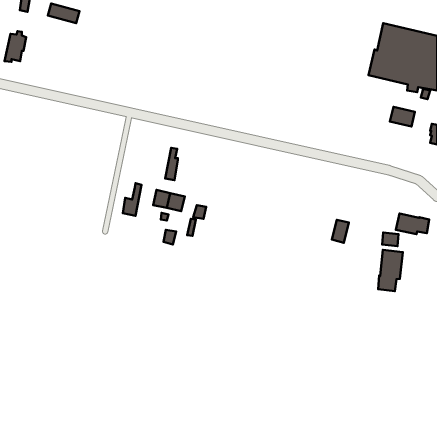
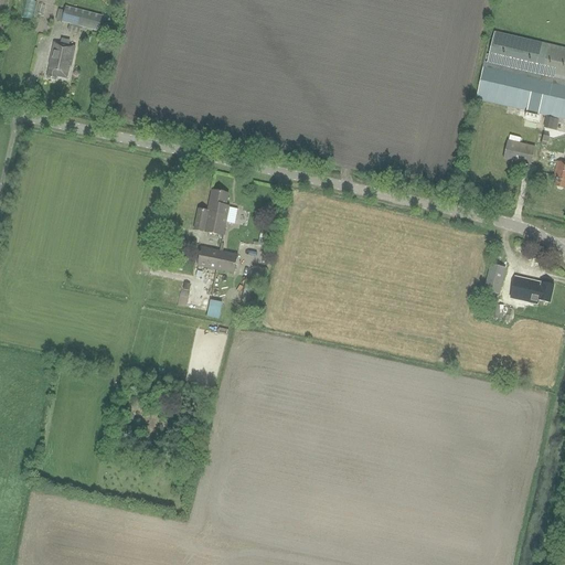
building: [5,31,26,62] -> [47,38,75,77]
building: [123,183,142,216] -> [196,189,221,231]
building: [332,220,349,243] -> [483,263,505,292]
building: [378,250,403,291] -> none

